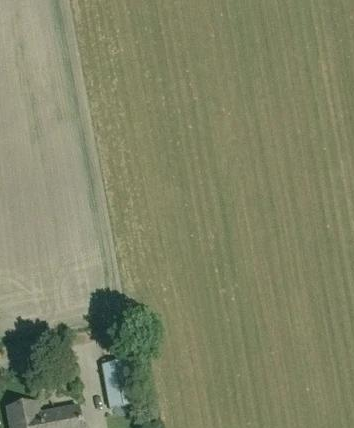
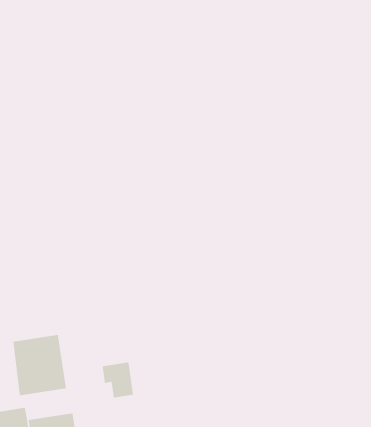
building: none -> [13,334,67,396]

